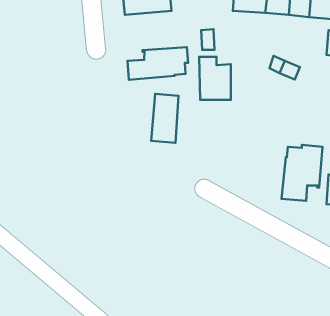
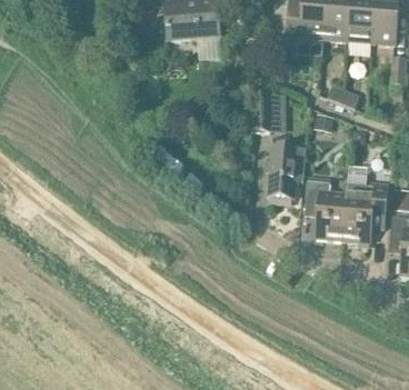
building: [128,47,188,80] -> none
building: [151,94,179,143] -> [267,144,297,198]
building: none -> [305,179,346,239]

